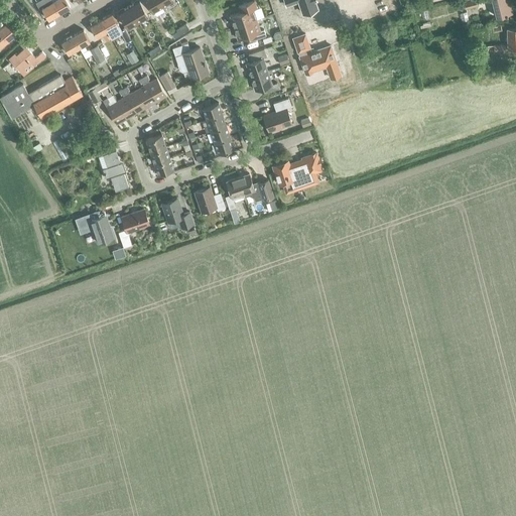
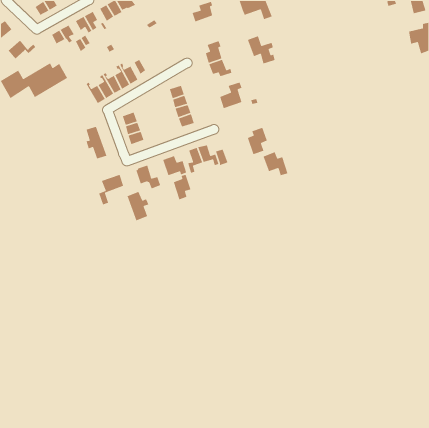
building: [234,20,266,41] -> none
building: [172,44,208,80] -> none
building: [272,160,303,190] -> [263,151,289,176]
building: none -> [173,174,192,200]
building: [82,213,113,243] -> none
building: none -> [127,191,150,221]

